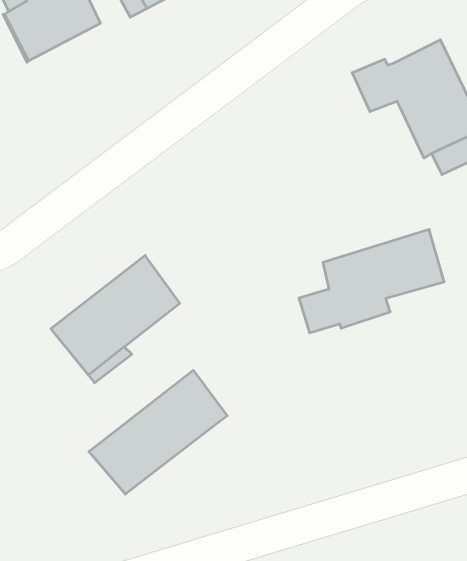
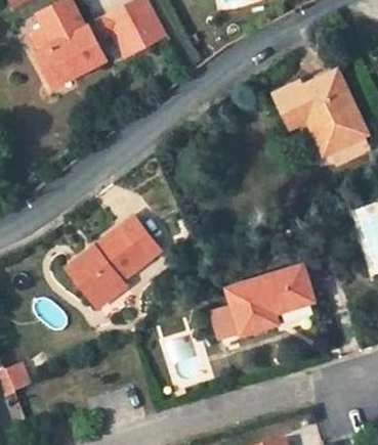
building: [299,229,444,333] -> [213,265,312,336]
building: [89,370,227,494] -> none

